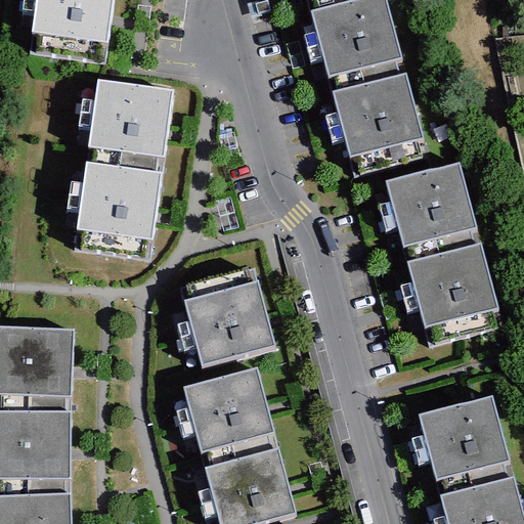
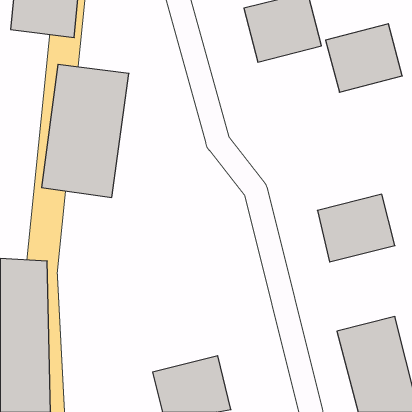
building: [335,72,431,158] -> [326,24,402,92]
building: [380,161,478,249] -> none
building: [177,279,272,364] -> none
building: [177,368,273,453] -> none

